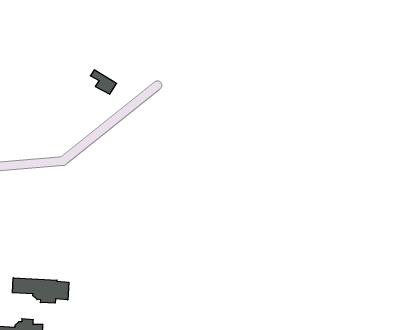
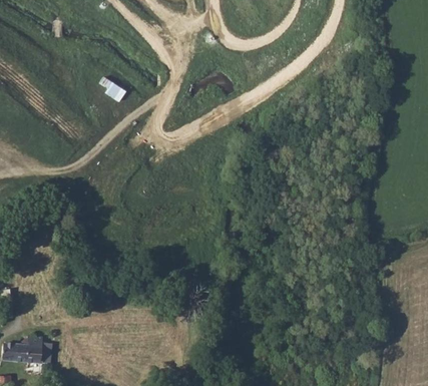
building: [12,278,69,303] -> none

